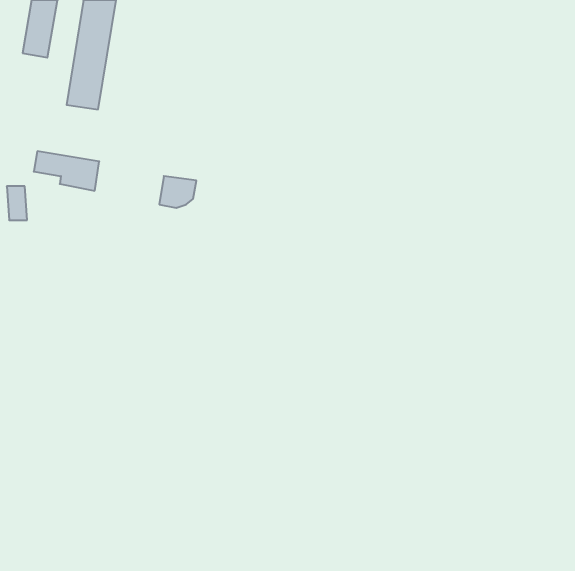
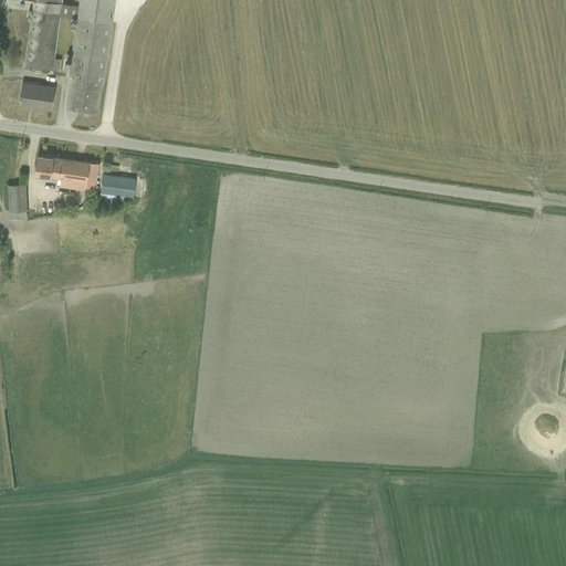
building: none -> [19,82,55,109]
building: [159,176,196,208] -> [99,175,136,206]

